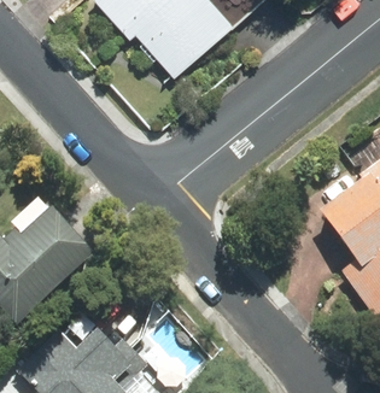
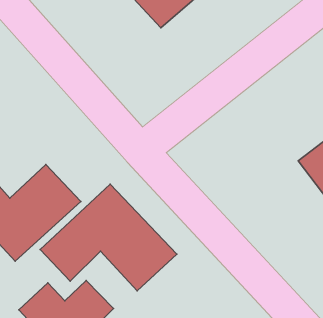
building: none -> [40,184,177,291]

